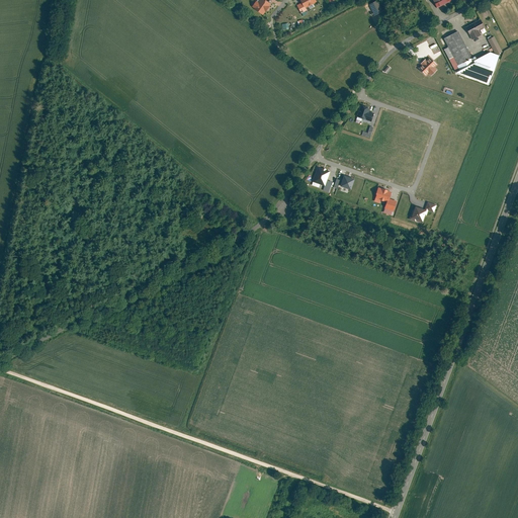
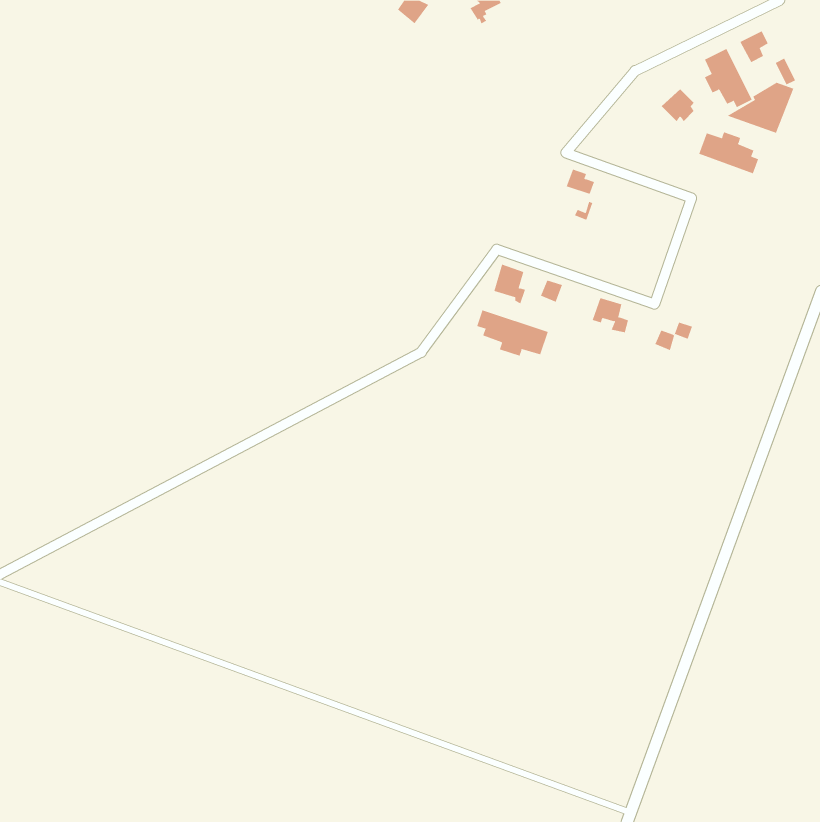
building: none -> [699,131,759,174]
building: none -> [477,309,548,357]

